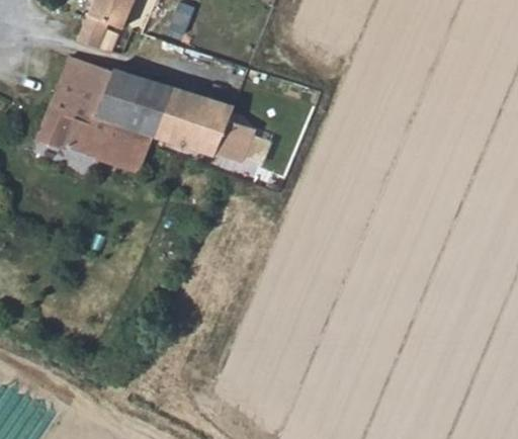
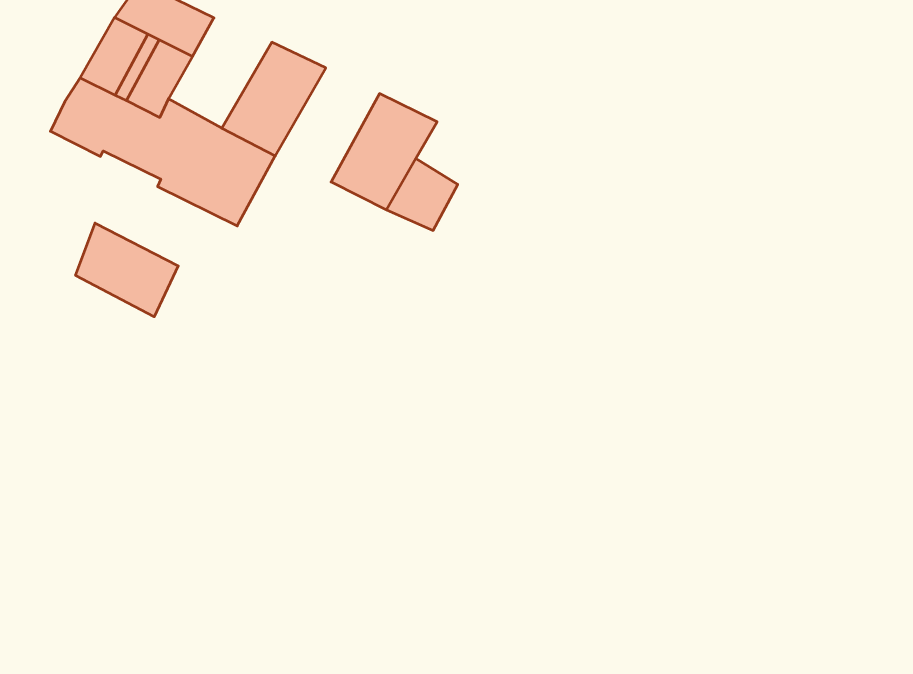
building: [95,68,144,125] -> none
building: [154,87,202,145] -> none
building: none -> [76,223,178,317]

